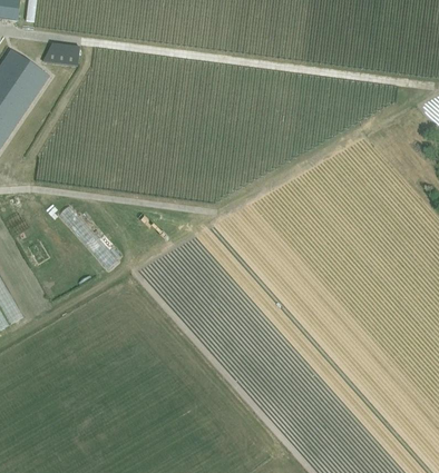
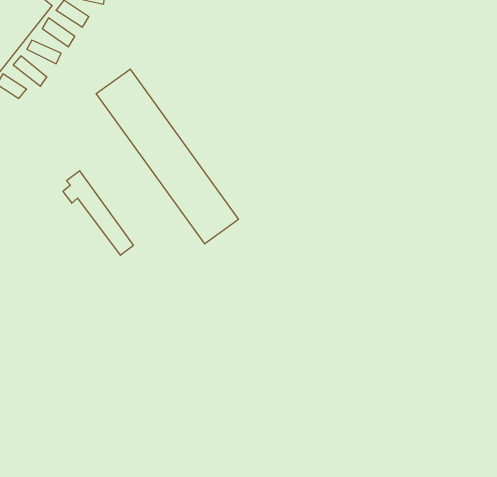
building: none -> [96,69,238,244]

